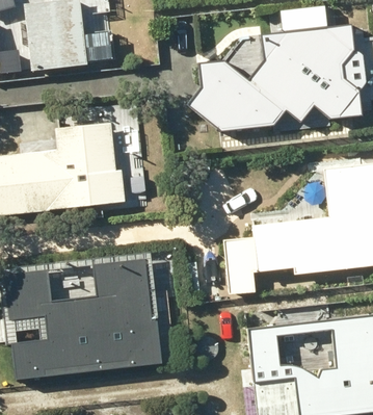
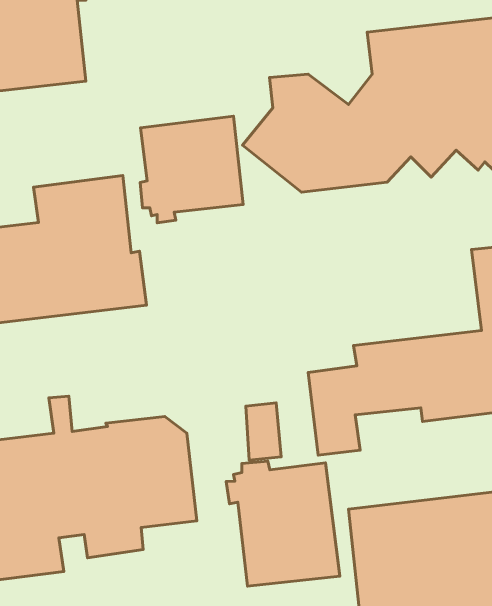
building: none -> [140,116,243,223]
building: none -> [226,461,340,586]

